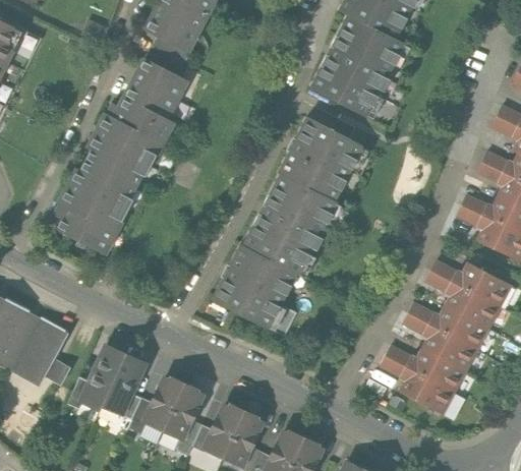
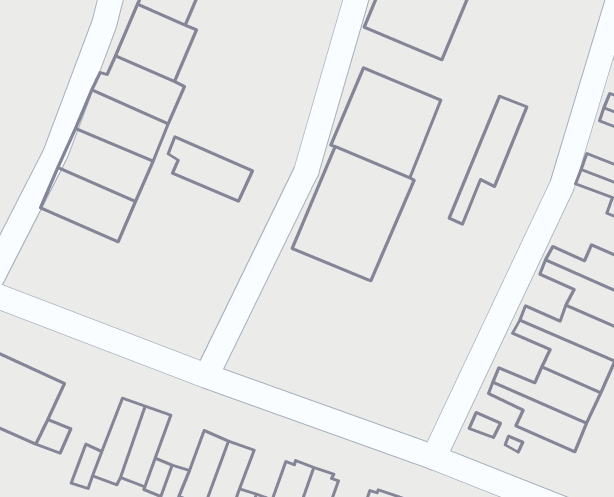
building: none -> [449,96,527,224]
building: [55,202,116,253] -> [168,137,253,201]
building: [211,245,297,332] -> none

